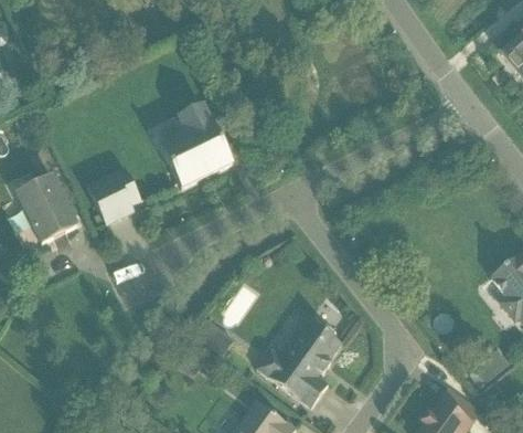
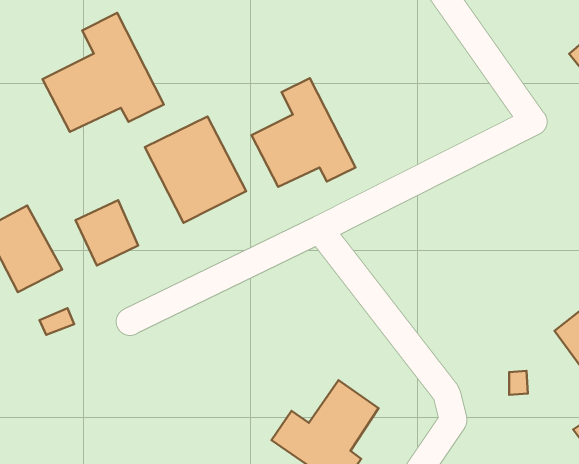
building: none -> [43,13,164,132]
building: none -> [252,78,355,187]

